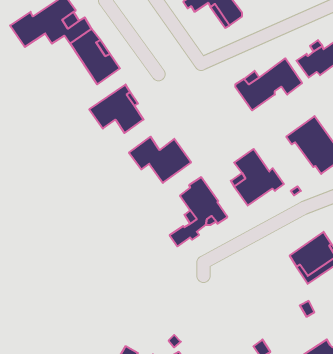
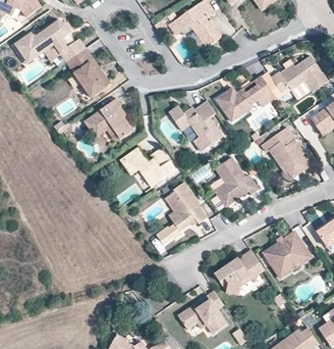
building: none -> [168,100,223,152]
building: none -> [214,249,264,291]
building: none -> [177,291,227,333]

